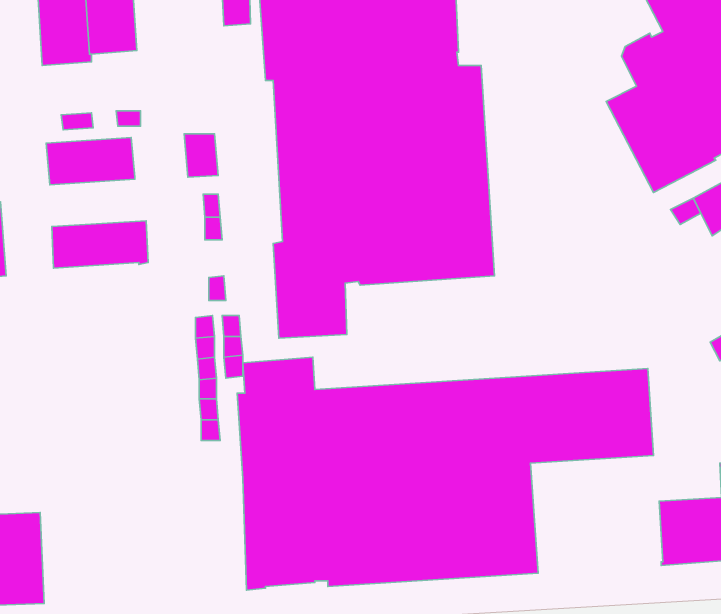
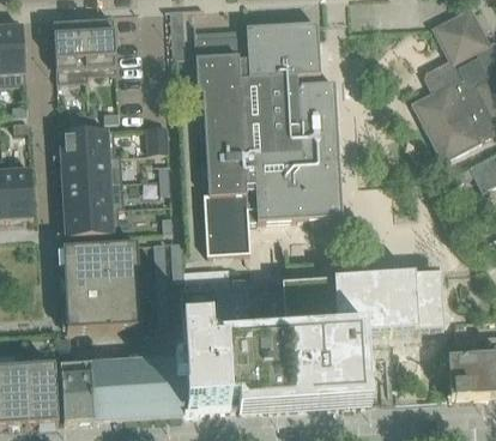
building: none -> [61,152,122,183]
building: none -> [63,206,120,236]
building: none -> [62,242,141,330]
building: none -> [60,343,186,421]

